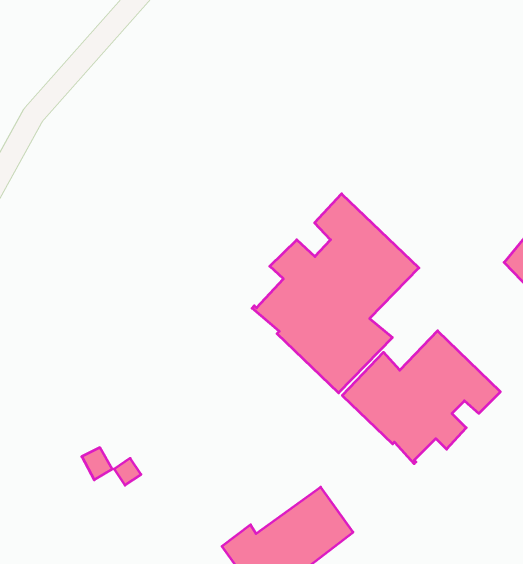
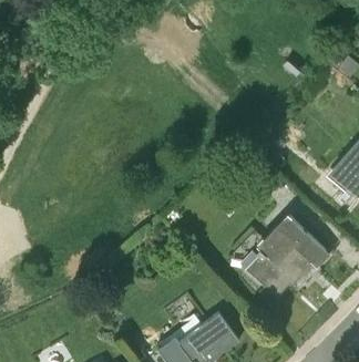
building: [252,194,419,393] -> none

